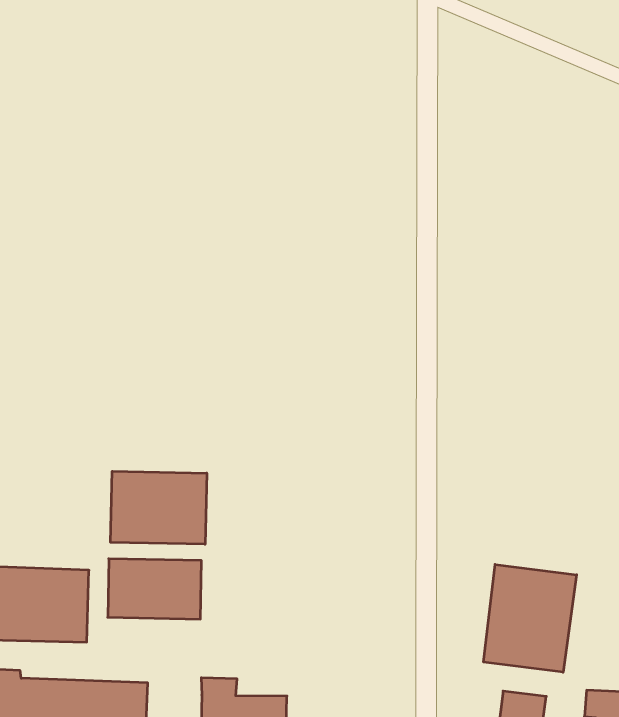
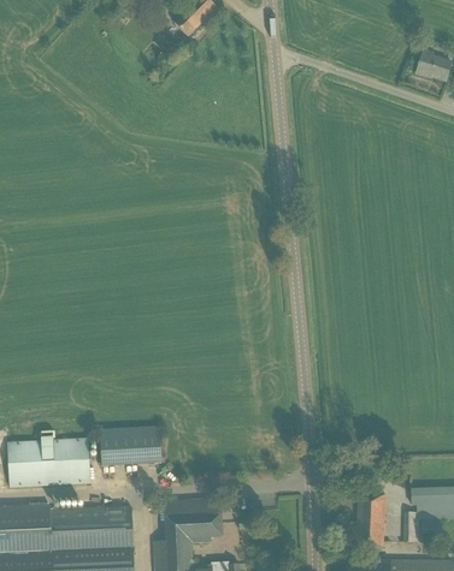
building: [111,471,207,544] -> none
building: [484,564,577,672] -> none

